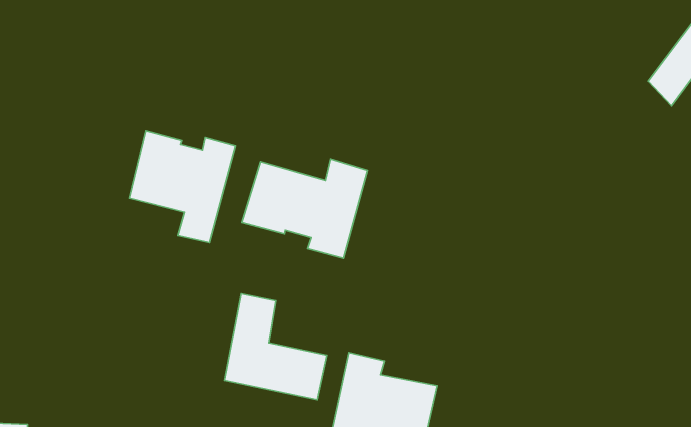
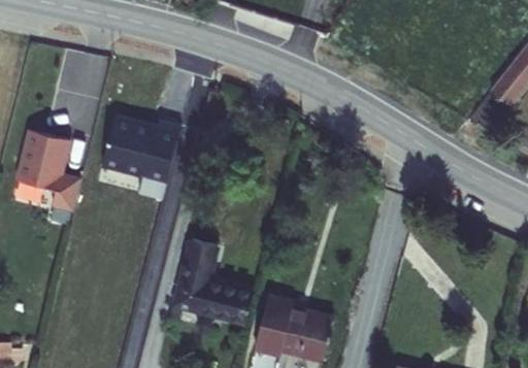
building: none -> [19,133,82,213]
building: [242,159,367,258] -> none

